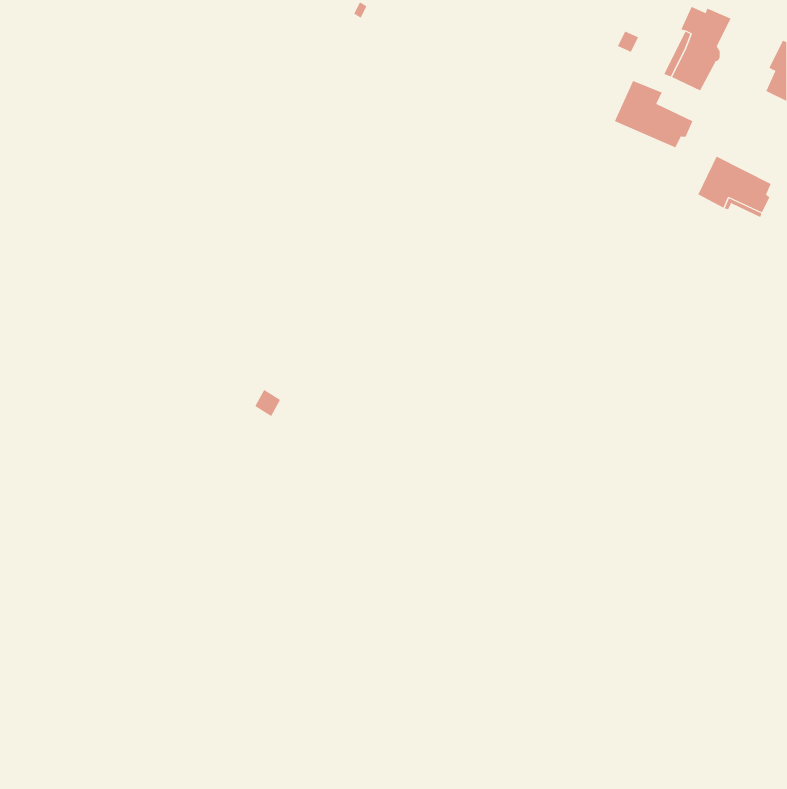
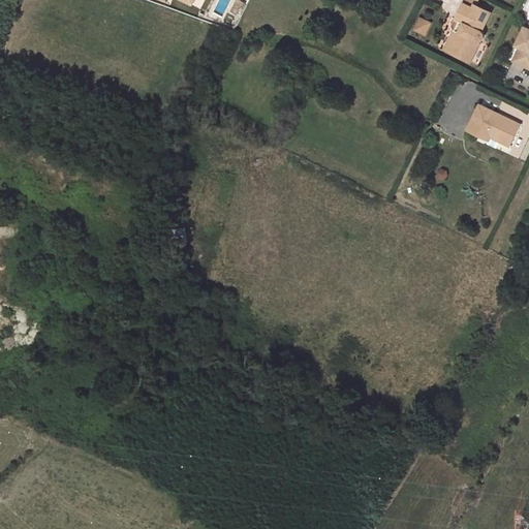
building: [614,80,693,148] -> none

